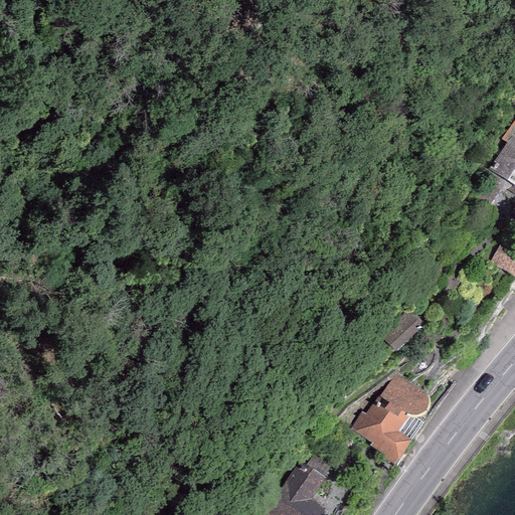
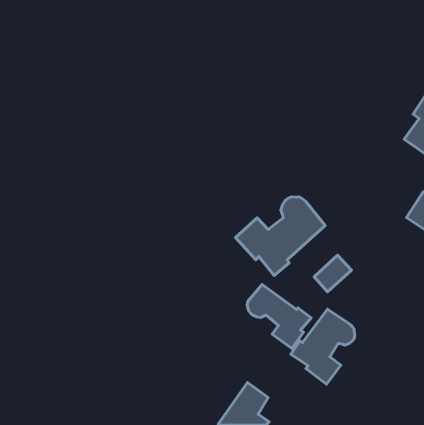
building: none -> [235,197,325,276]
building: none -> [247,284,311,349]

